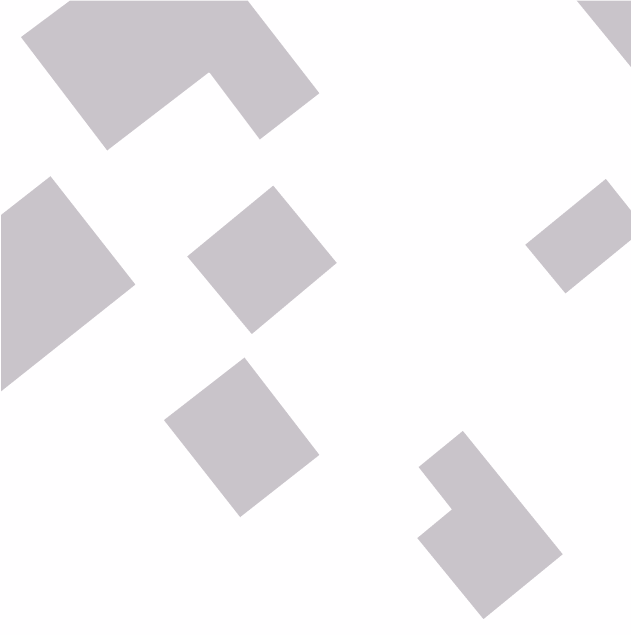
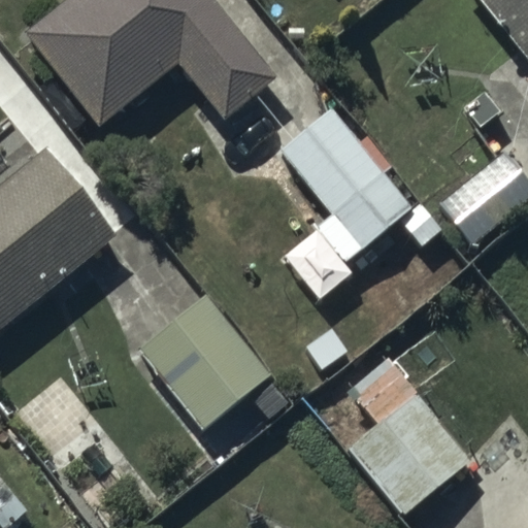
building: none -> [279,109,414,263]
building: [186,185,338,335] -> none

